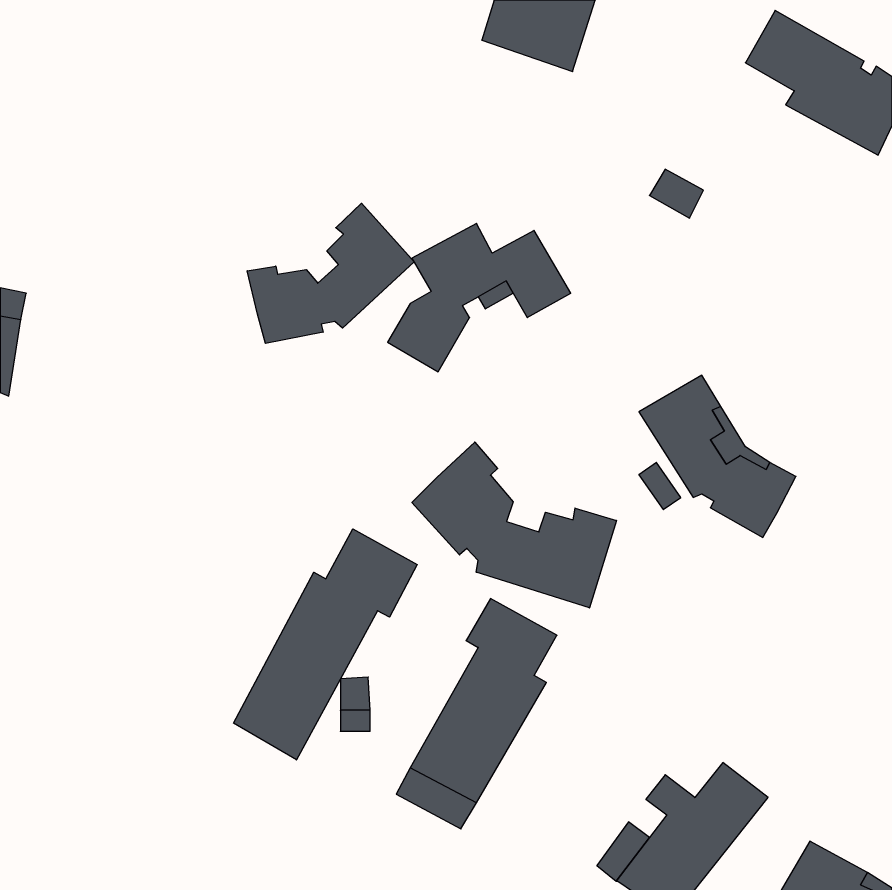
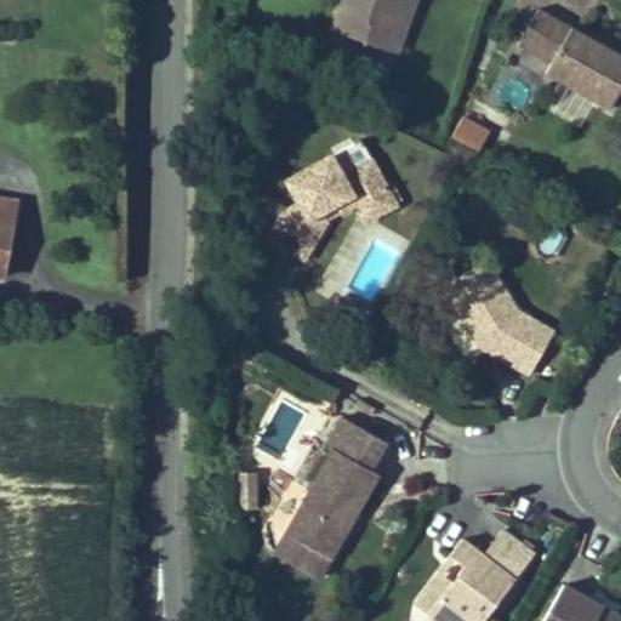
building: [247,203,414,343] -> none
building: [412,442,616,608] -> none
building: [234,529,417,760] -> none

